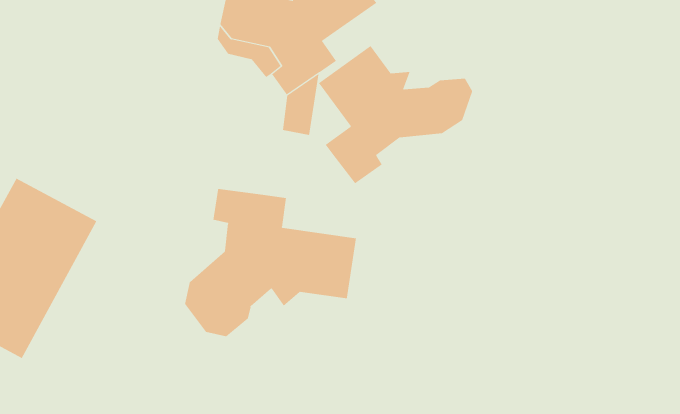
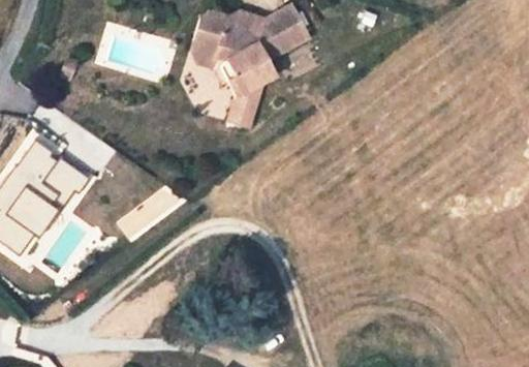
building: [318,45,473,184] -> none
building: [185,188,357,337] -> none

